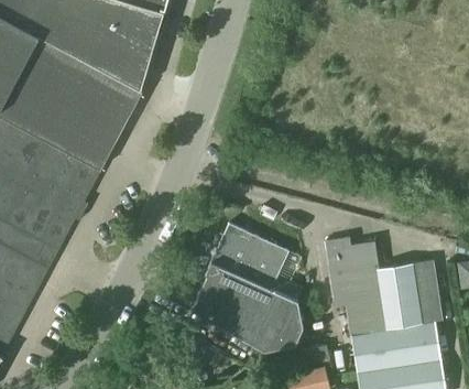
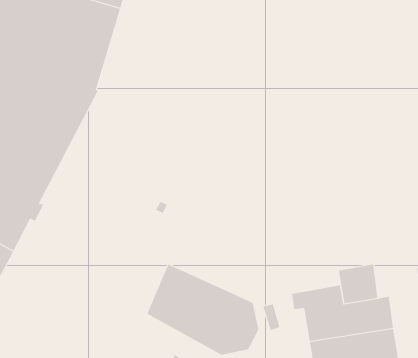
building: [211,224,290,289] -> none
building: [325,237,382,291] -> none
building: [415,259,438,295] -> none

